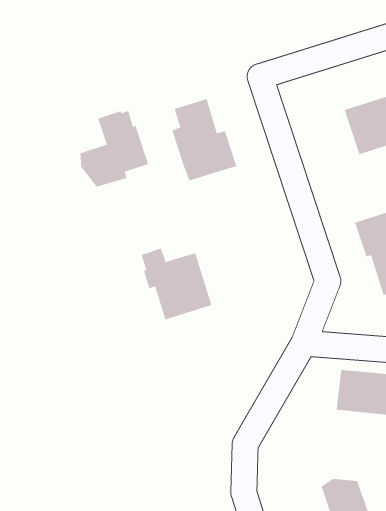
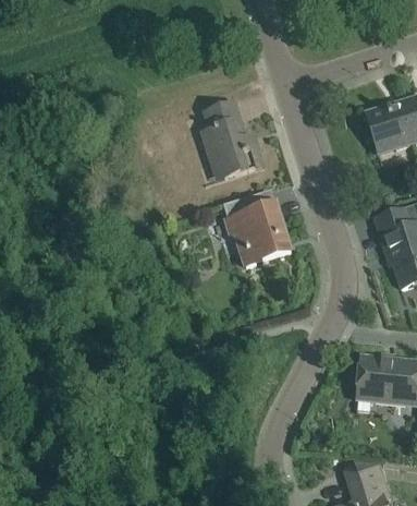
building: [80,110,149,187] -> none
building: [141,248,212,320] -> [222,195,290,264]

